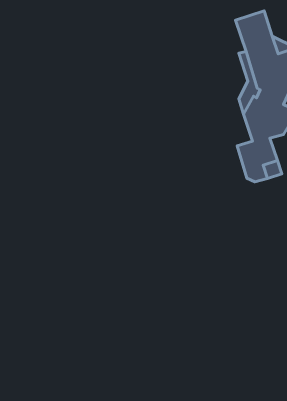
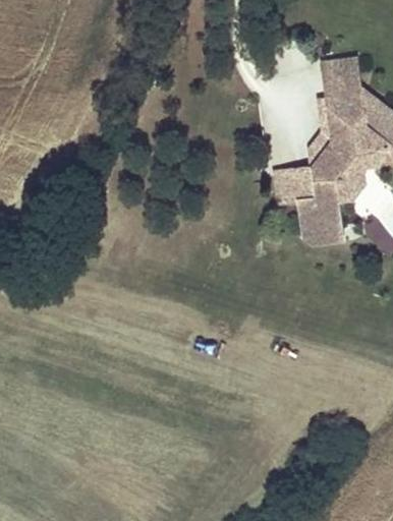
building: none -> [278,168,321,206]

